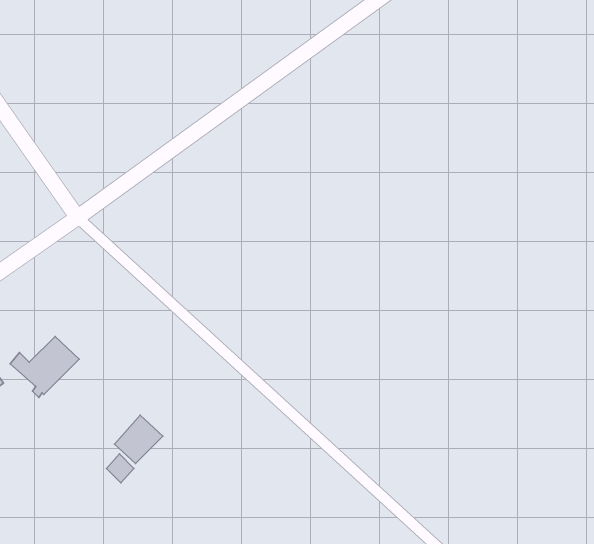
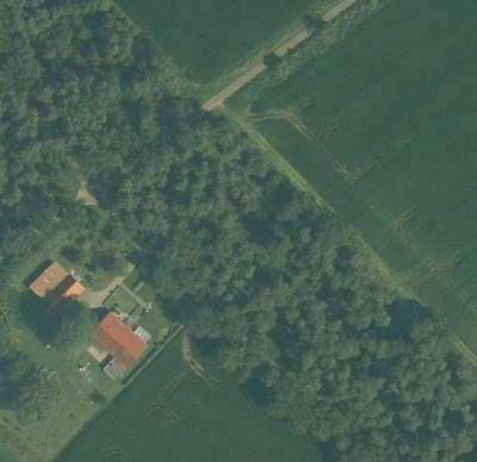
building: none -> [89,310,128,348]

